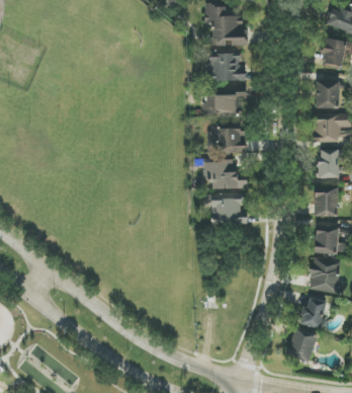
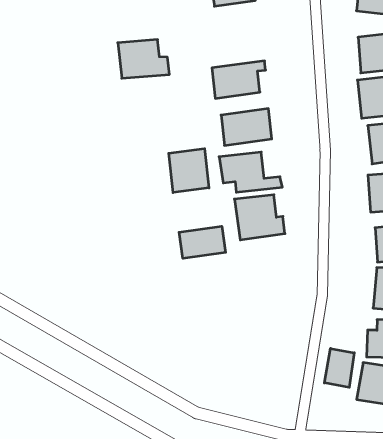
building: [209,53,246,81] -> [118,40,169,78]
building: none -> [169,149,209,193]
building: none -> [179,226,226,258]
building: none -> [324,348,354,387]

